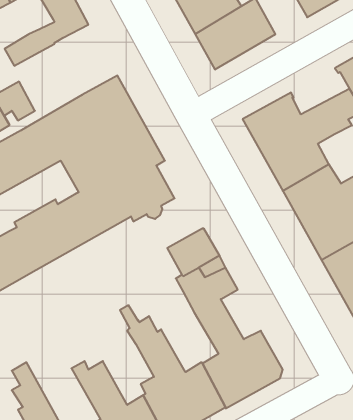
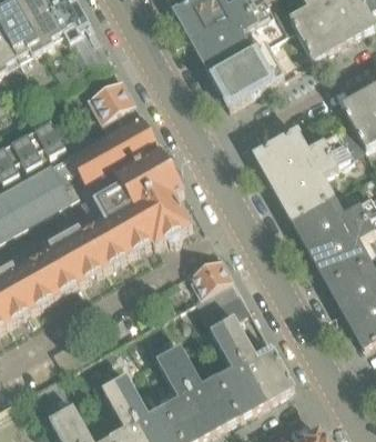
building: none -> [89,77,140,130]

